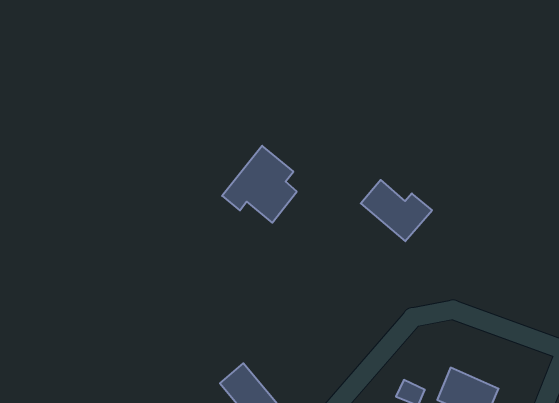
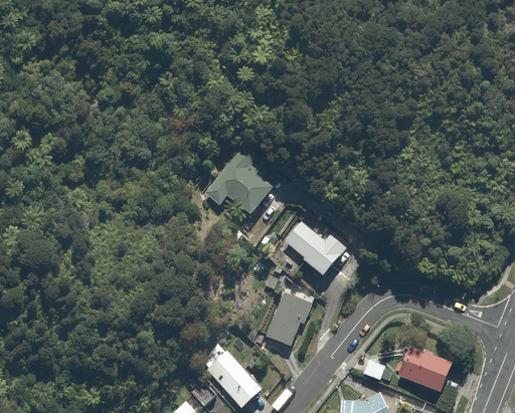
building: [361,180,432,241] -> [283,221,347,276]
building: none -> [265,290,312,345]

